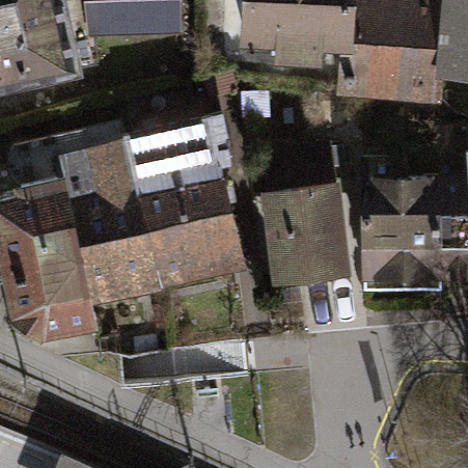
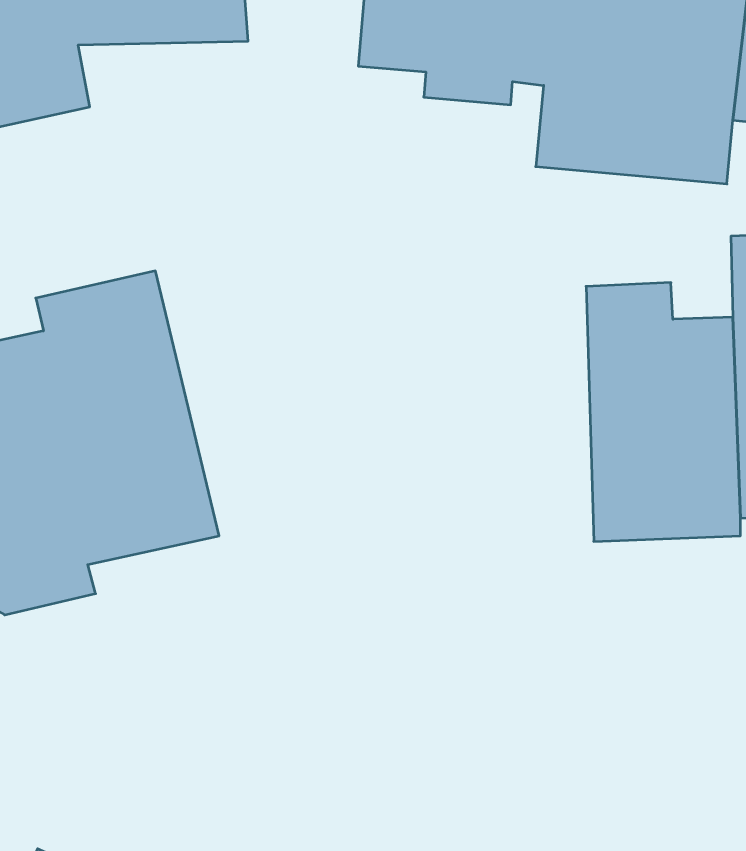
building: [128,130,244,292] -> none
building: [260,181,346,286] -> none

